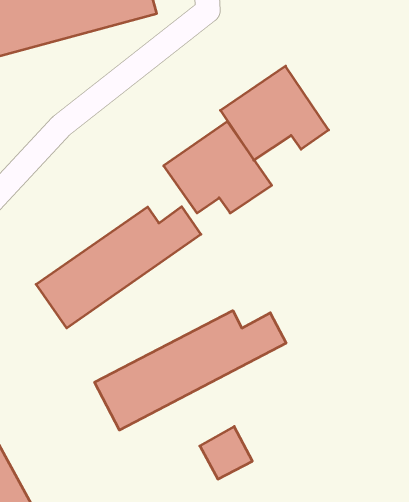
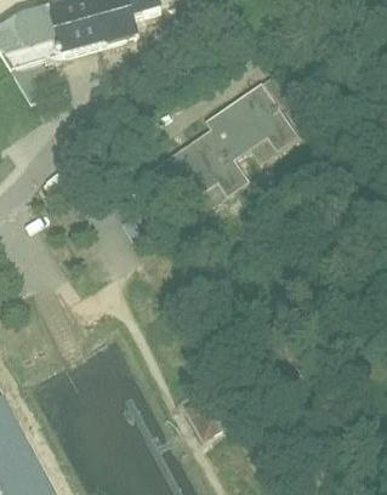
building: [36,207,201,328] -> none
building: [95,311,286,430] -> none

